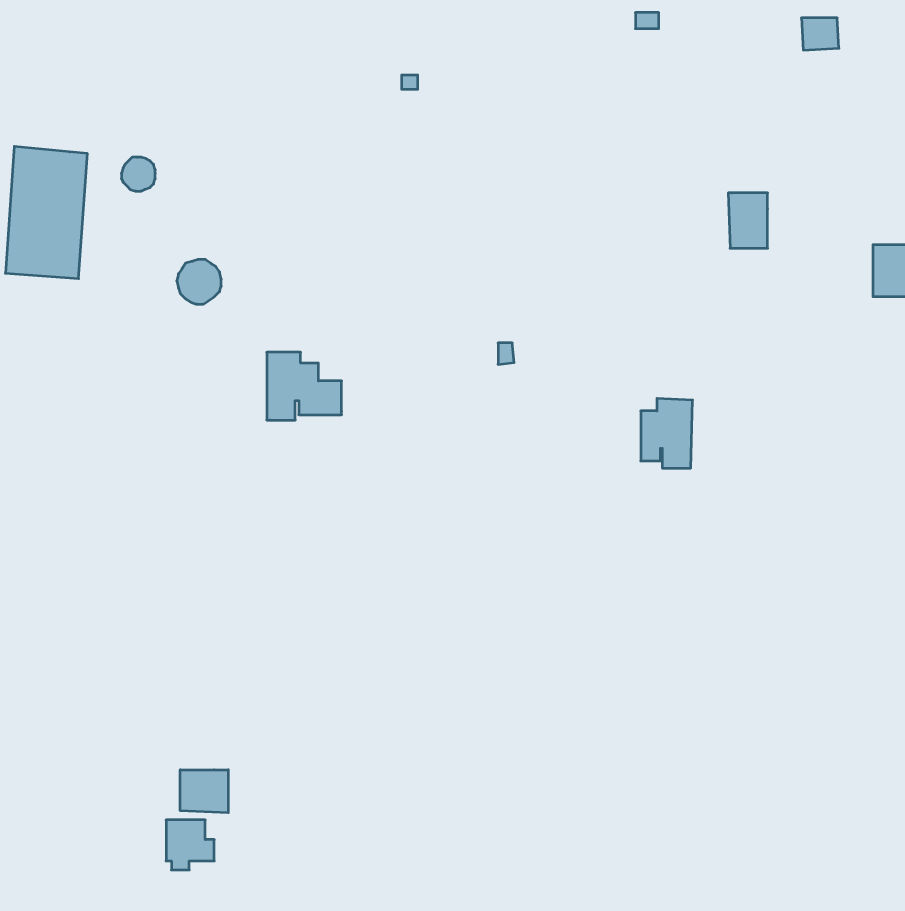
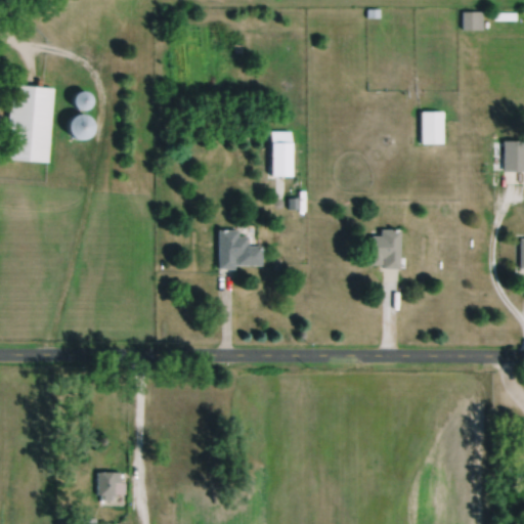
building: none -> [271,131,292,176]
building: [177,259,221,304] -> [69,114,94,139]
building: [267,352,342,420] -> [219,230,262,269]
building: [180,770,228,813] -> none

